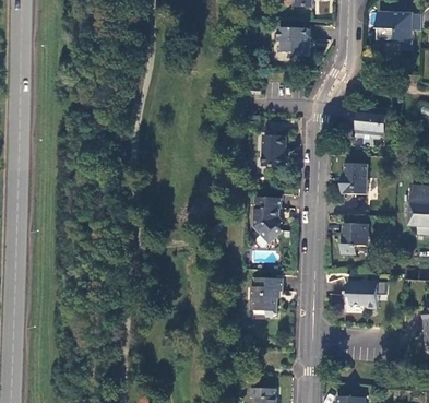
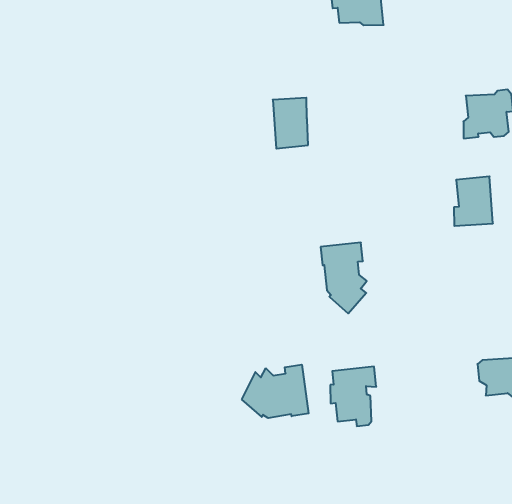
building: [263,134,286,166] -> [273,98,308,149]
building: [343,223,368,253] -> none
building: none -> [242,365,309,418]

